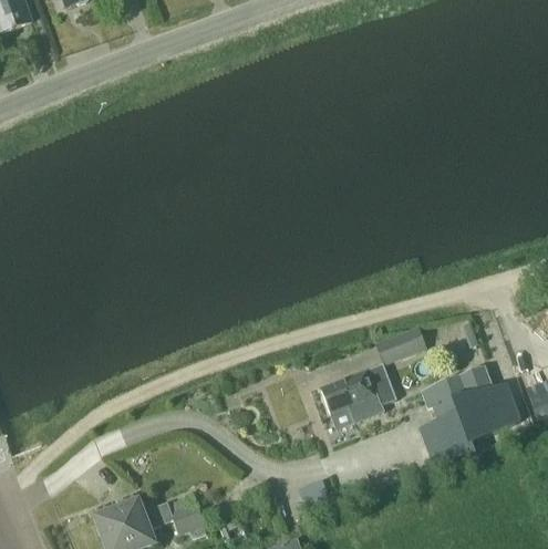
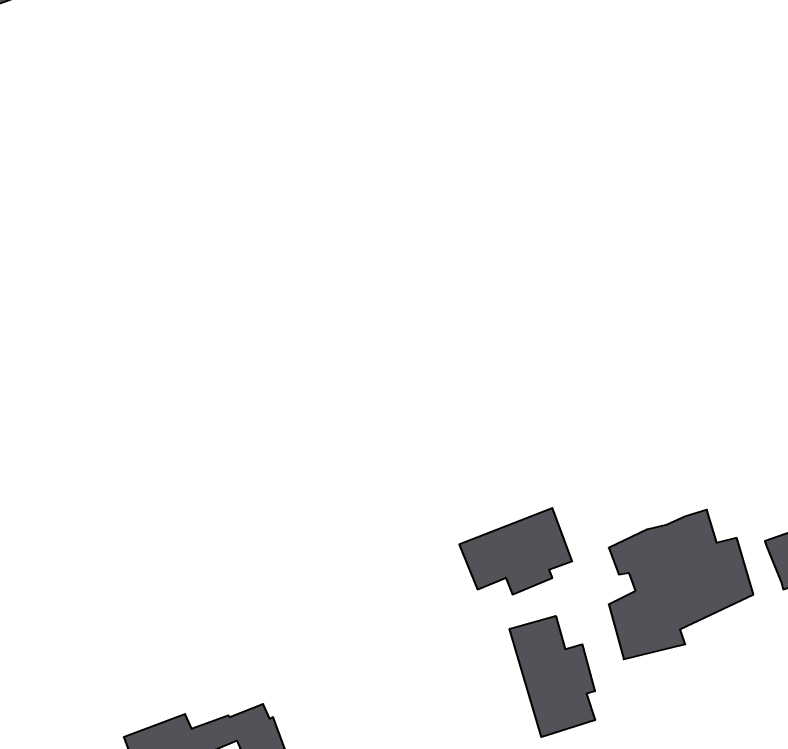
building: [375,327,425,363] -> none
building: none -> [510,616,595,737]

